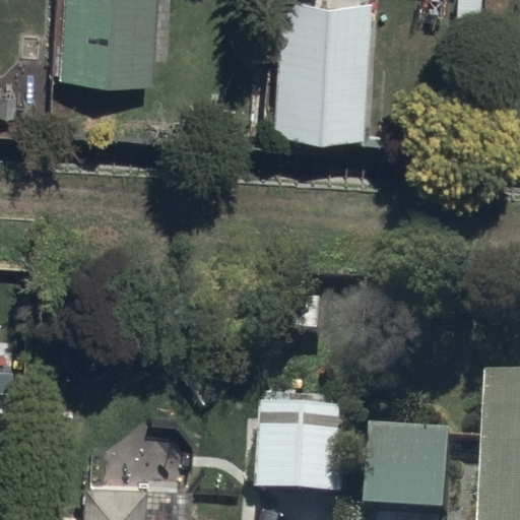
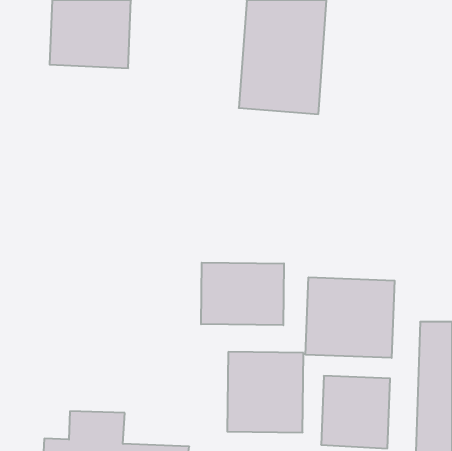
building: none -> [201,263,284,325]
building: none -> [306,277,395,358]

